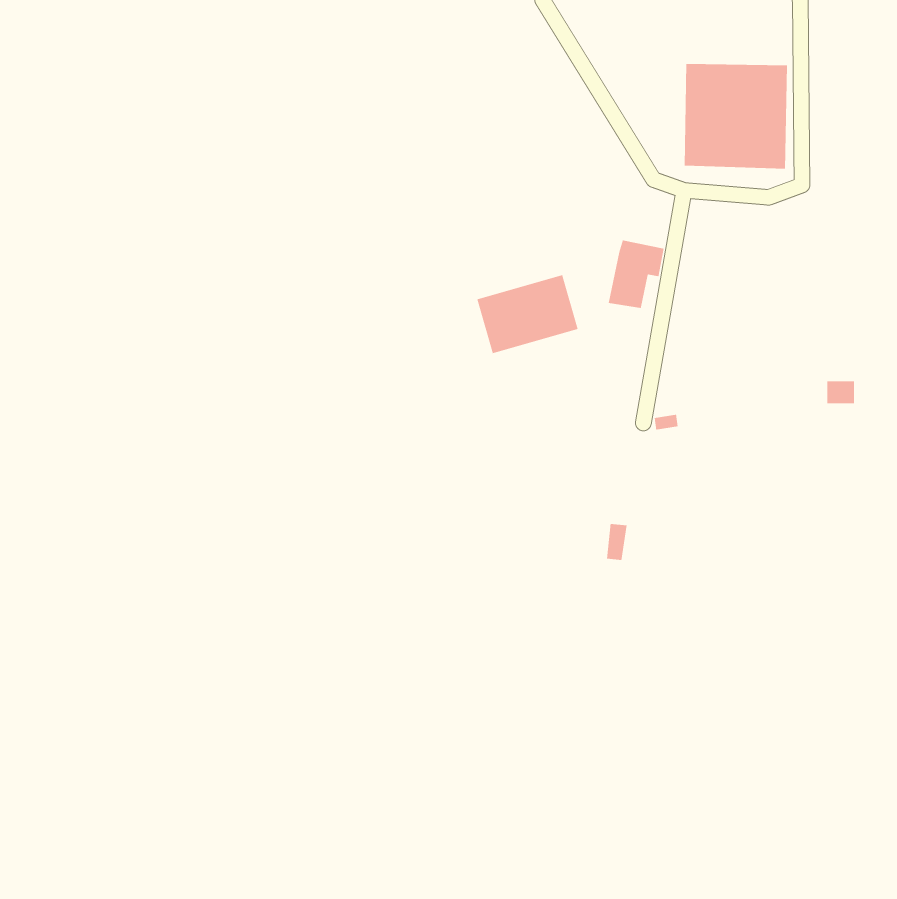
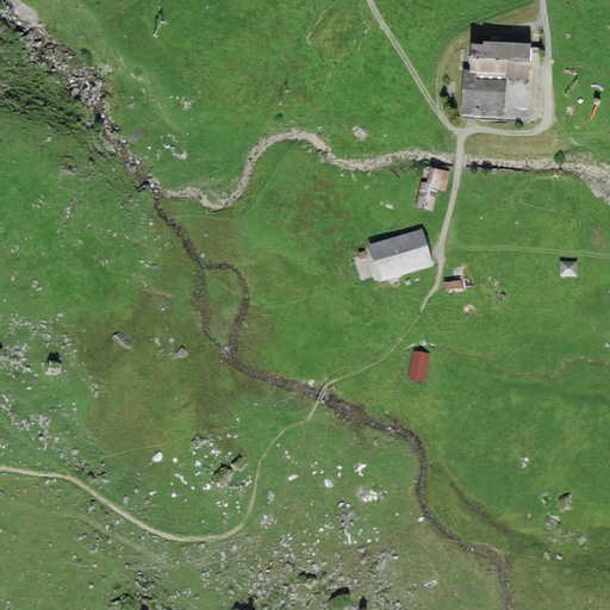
building: [476,275,579,354] -> [365,226,434,280]

